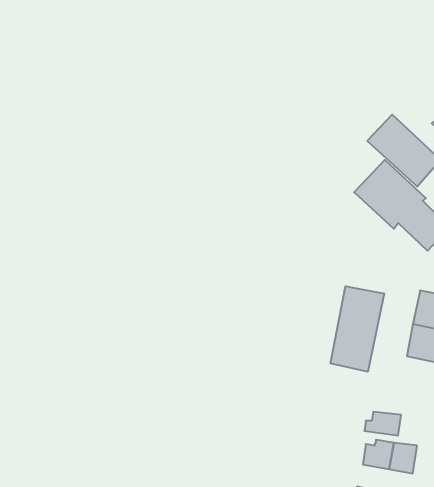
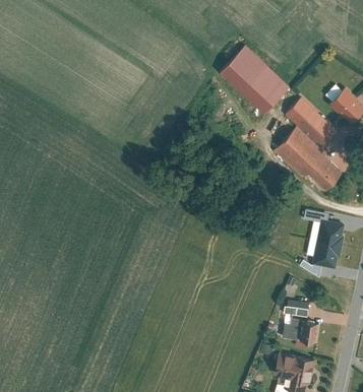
building: none -> [221,43,290,112]
building: [330,286,384,372] -> none

